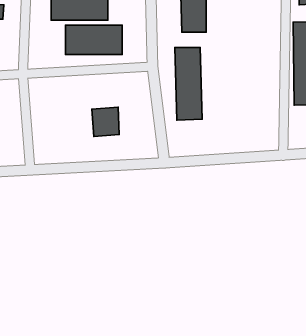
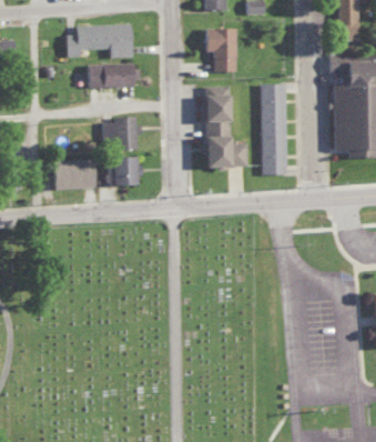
building: none -> [258,82,287,175]
building: none -> [109,119,139,151]
building: none -> [62,159,100,188]

